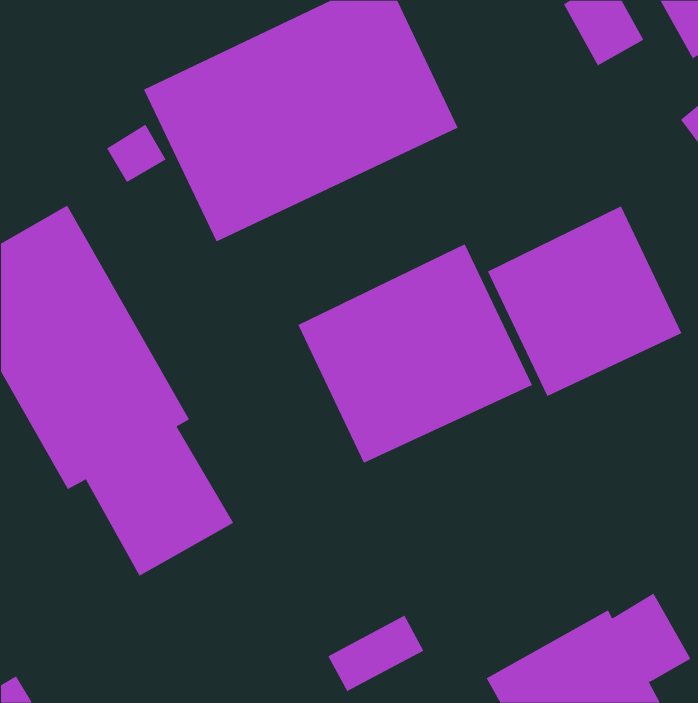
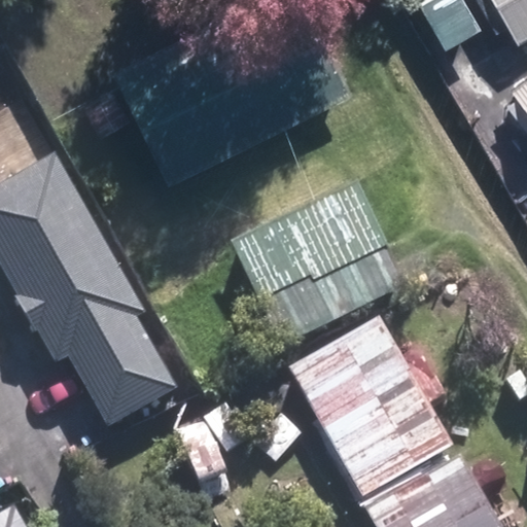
building: [487,205,682,397] -> none
building: none -> [289,316,451,498]

